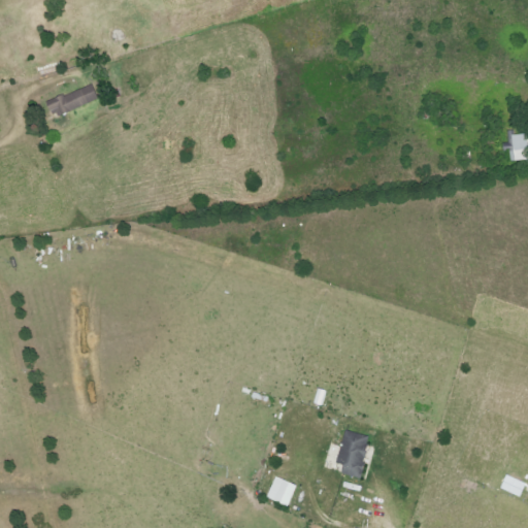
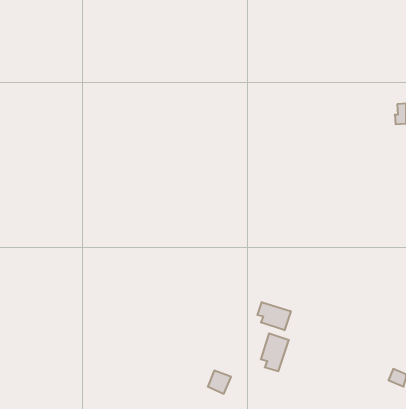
building: [46,84,98,118] -> none
building: none -> [257,302,291,330]

